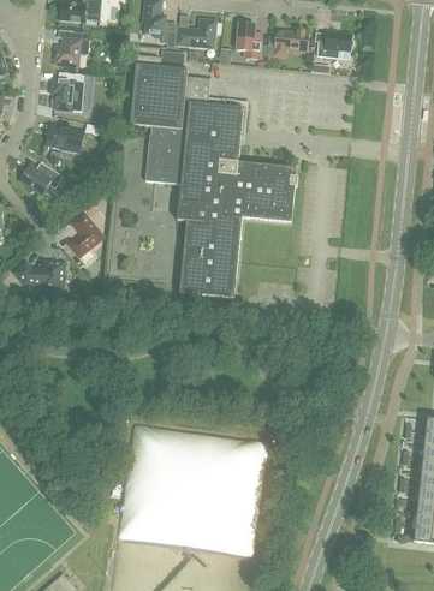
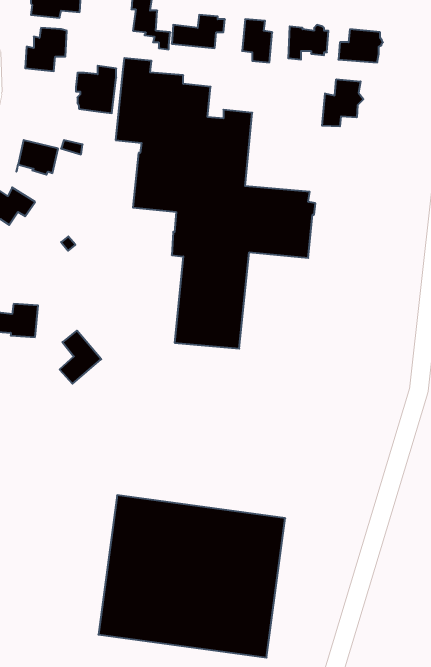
building: [50,71,84,111] -> [76,66,116,113]
building: none -> [322,79,363,126]
building: [69,211,103,256] -> [60,331,101,384]

